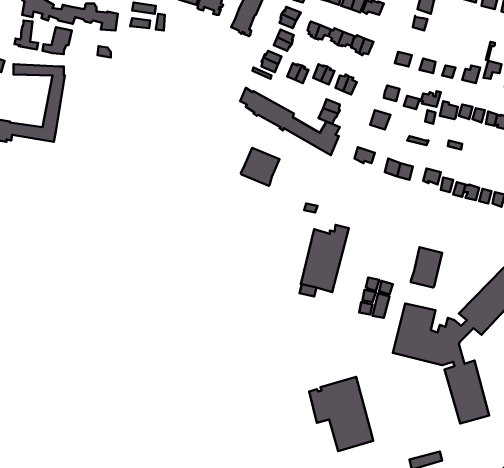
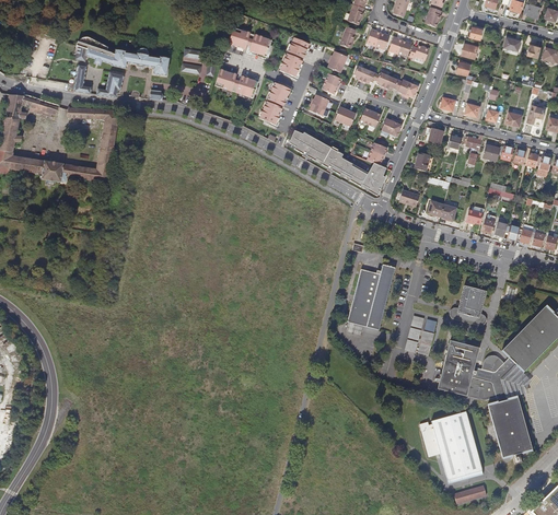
building: none -> [216,70,261,98]
building: none -> [260,83,294,128]
building: [241,148,279,186] -> none
building: [309,377,373,451] -> [420,410,483,482]

